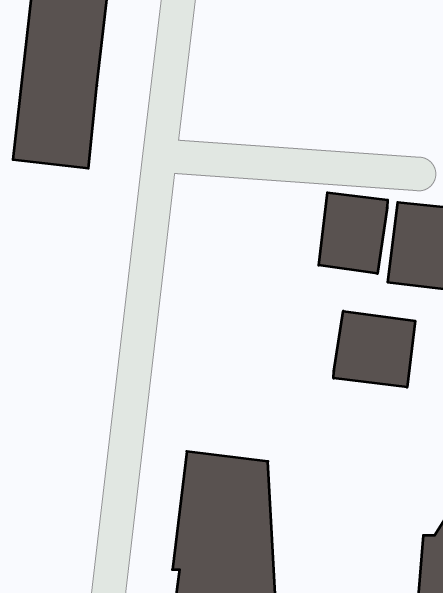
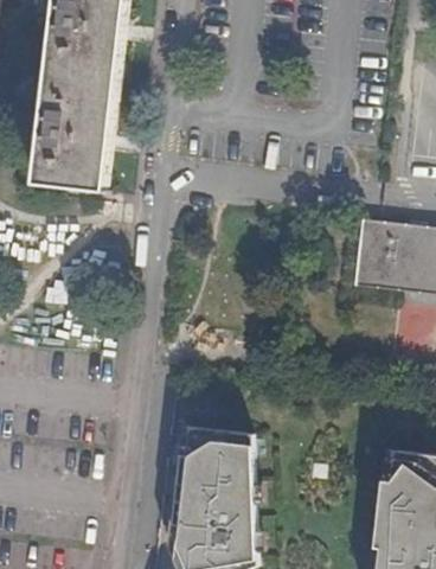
building: [319,193,388,274] -> none
building: [334,311,415,387] -> none

